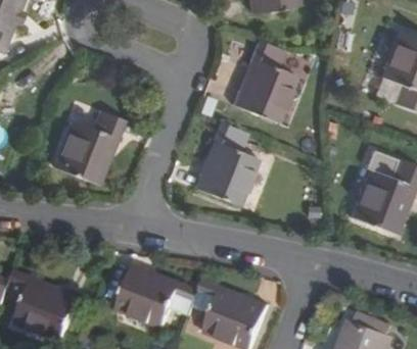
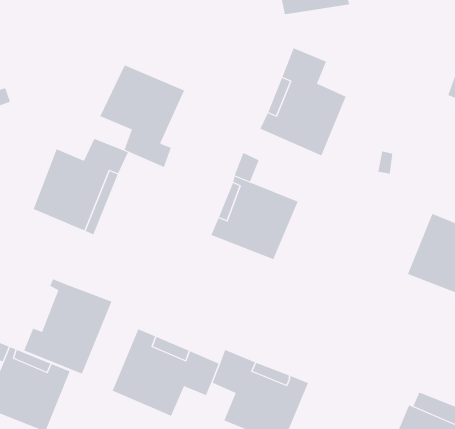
building: none -> [99,64,185,168]
building: none -> [23,279,112,375]

